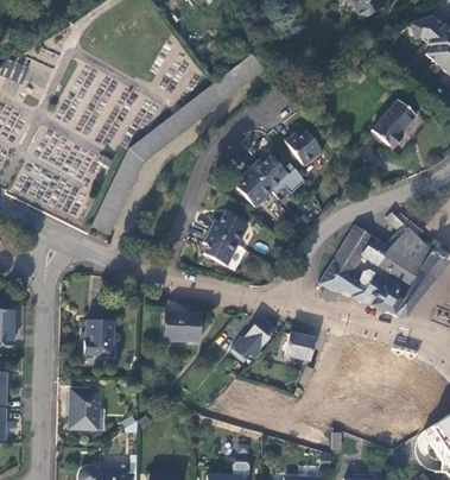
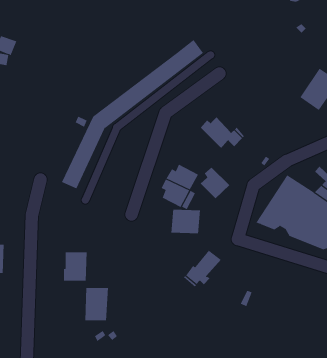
building: [284,131,323,166] -> none
building: [236,169,273,208] -> [200,167,230,199]
building: [164,312,201,342] -> [170,209,201,234]
building: [285,333,315,361] -> none
building: [70,390,100,430] -> [84,287,109,321]

